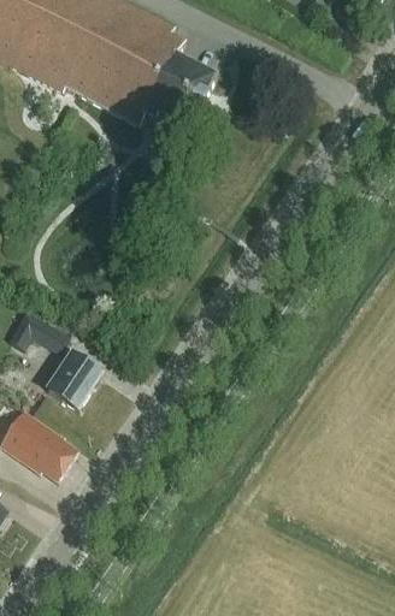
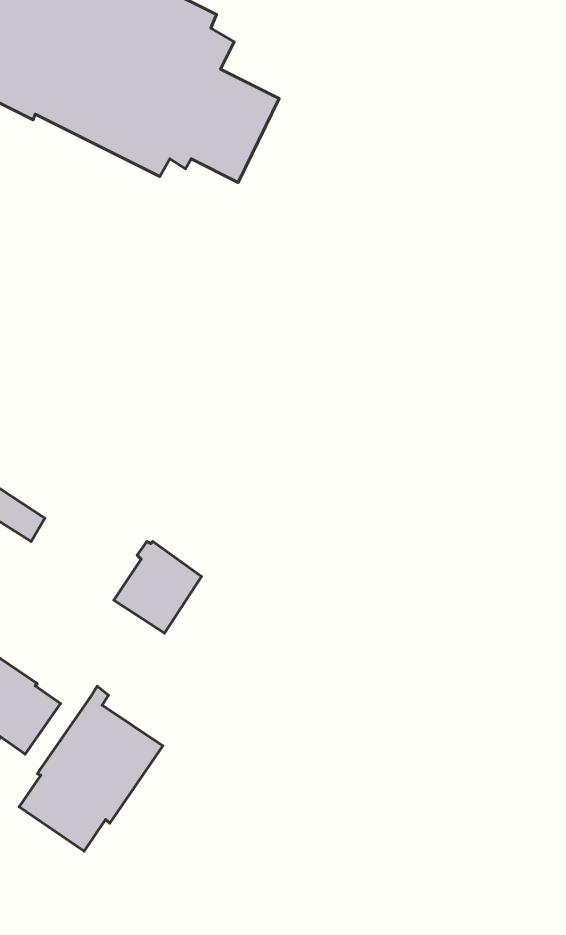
building: [46,353,100,409] -> [114,542,202,633]
building: none -> [19,686,163,851]

